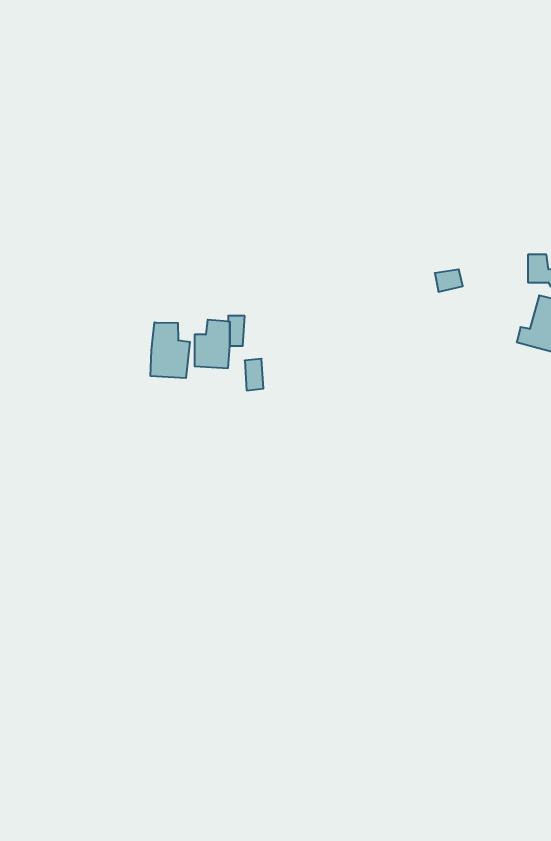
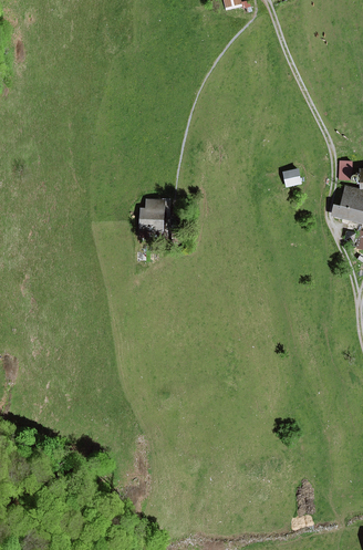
building: [151,322,190,378] -> none

